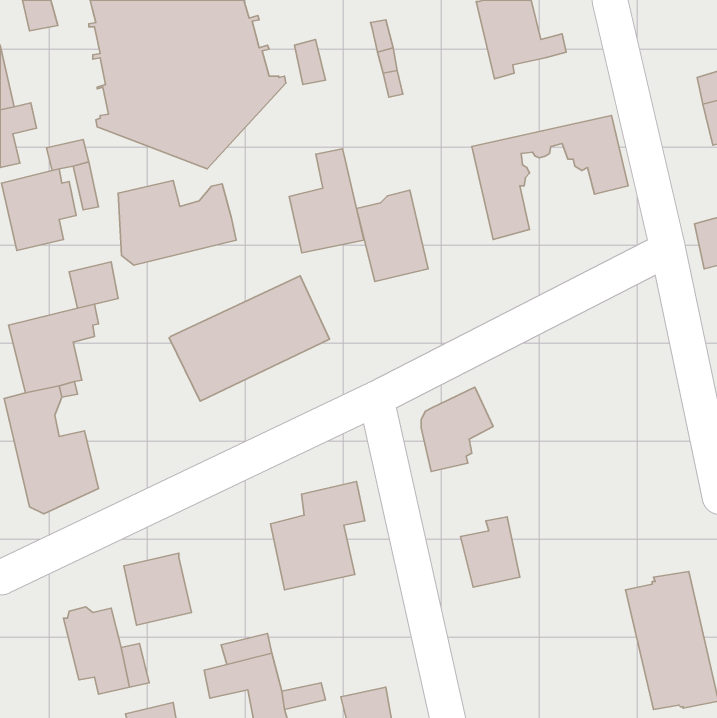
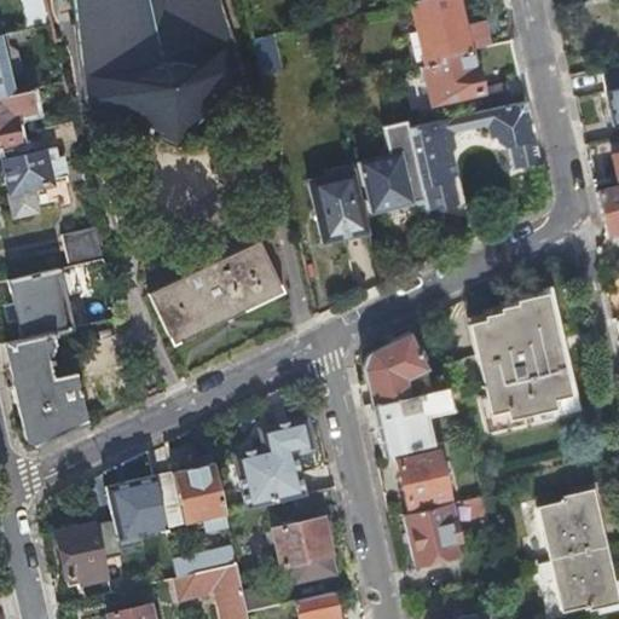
building: none -> [426,51,485,104]
building: [289,149,364,253] -> [360,122,424,212]
building: [118,181,236,265] -> none
building: none -> [470,295,571,418]
building: none -> [371,388,452,457]
building: none -> [156,464,228,531]
building: none -> [403,503,461,565]
building: none -> [272,516,335,582]

